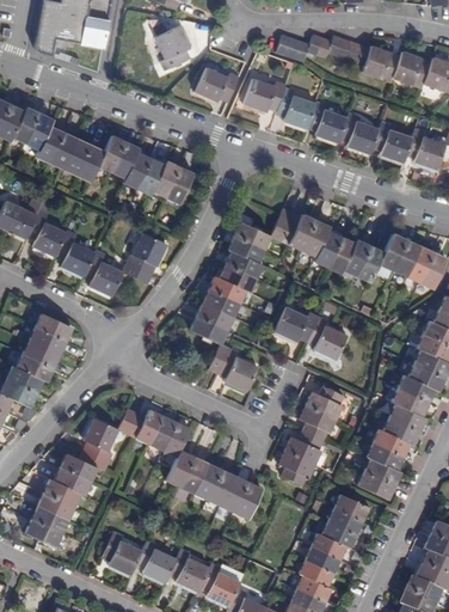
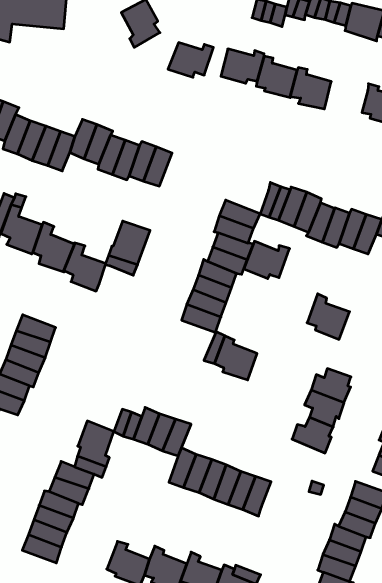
building: [340,114,381,155] -> none
building: [275,306,319,342] -> [244,241,290,279]
building: [277,449,314,485] -> none

